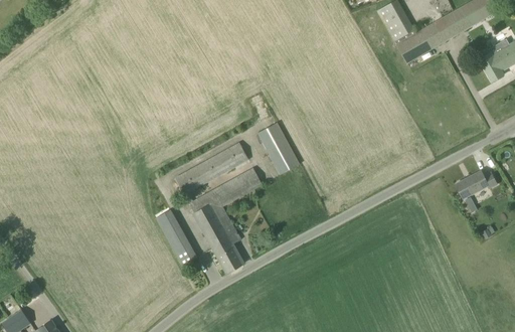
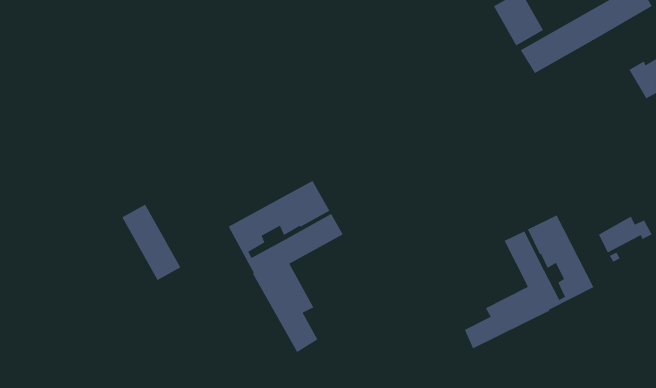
building: [256,123,299,175] -> none
building: none -> [464,214,594,349]
building: [155,208,200,267] -> [121,204,181,281]

